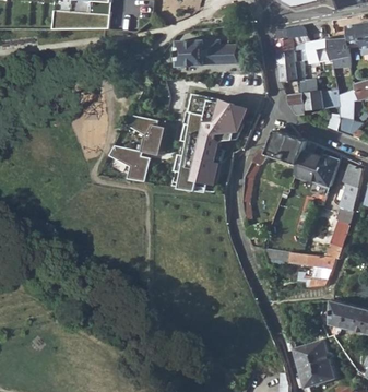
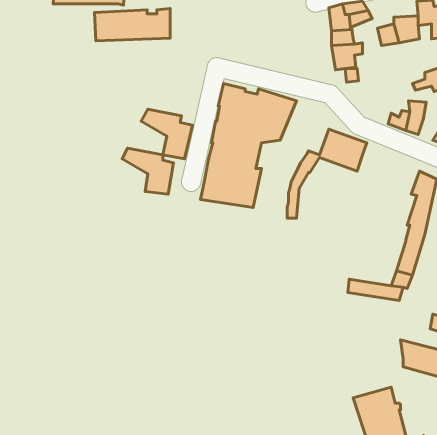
building: [176,38,237,64] -> [95,8,170,41]
building: [288,90,339,110] -> none
building: [294,151,336,186] -> none

